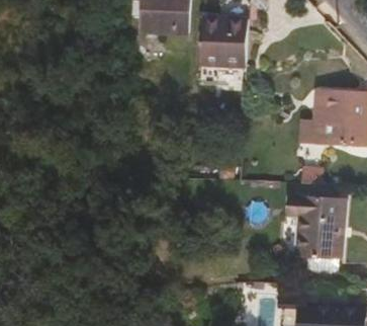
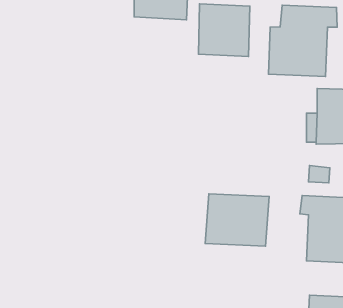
building: none -> [269,5,337,77]
building: none -> [205,194,269,246]

